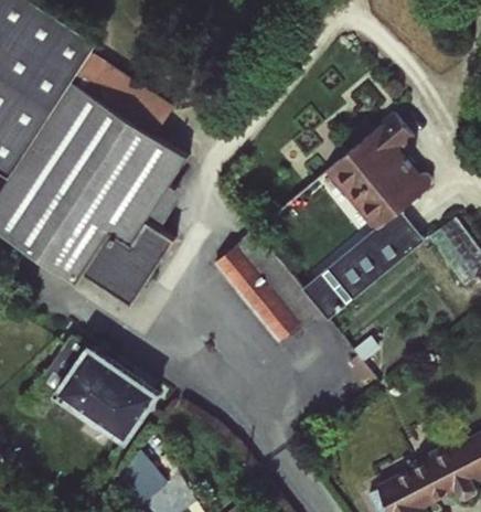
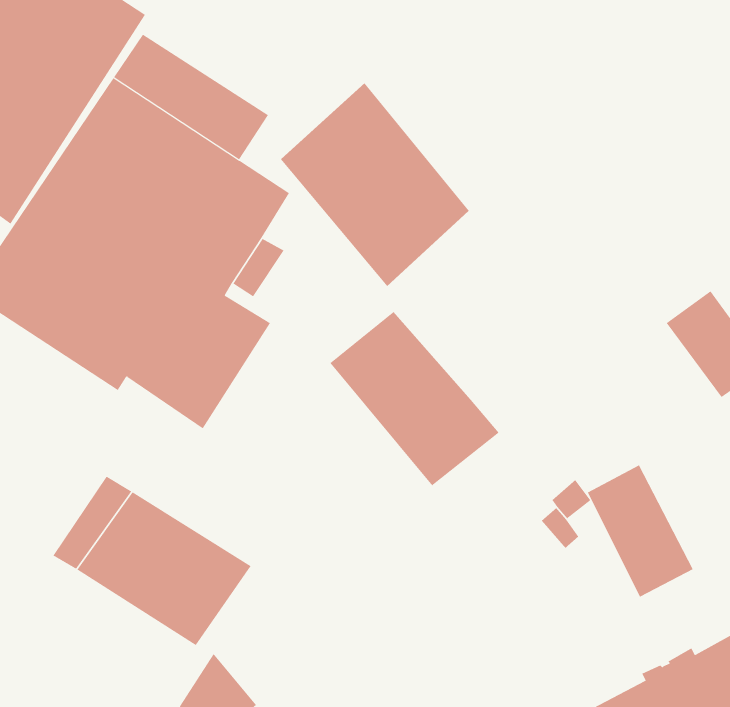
building: none -> [280,83,469,287]
building: [302,113,430,319] -> none
building: none -> [587,465,693,597]

